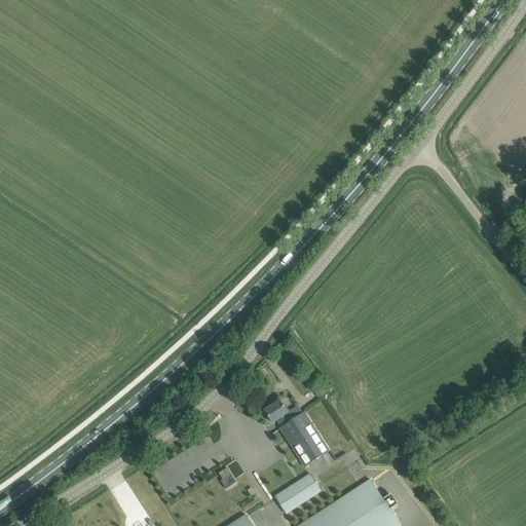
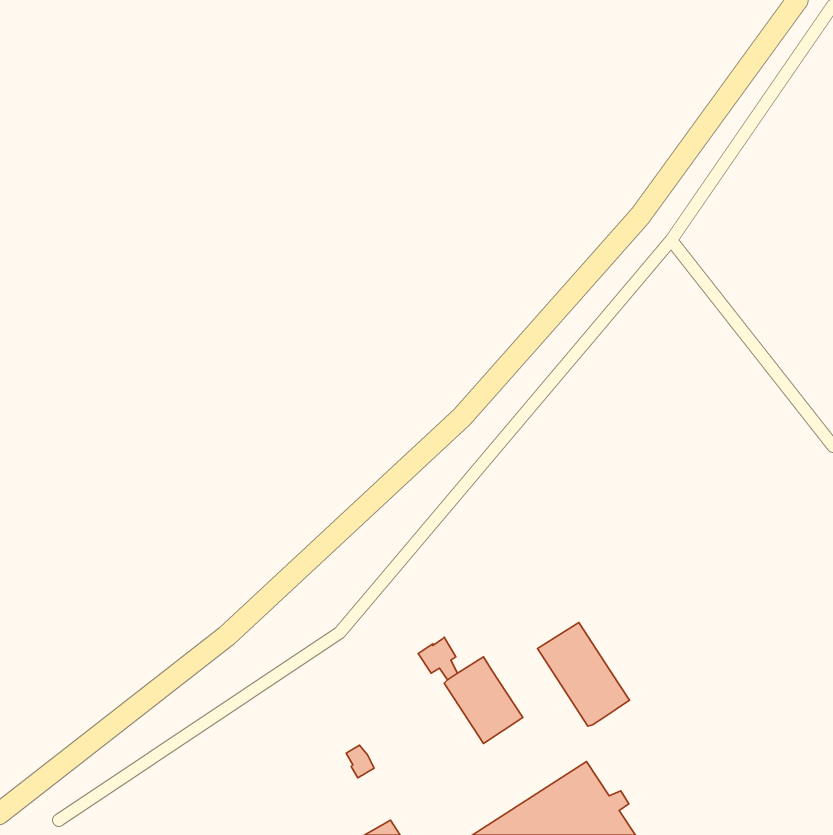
building: none -> [537,622,629,726]
building: [274,475,321,515] -> none

